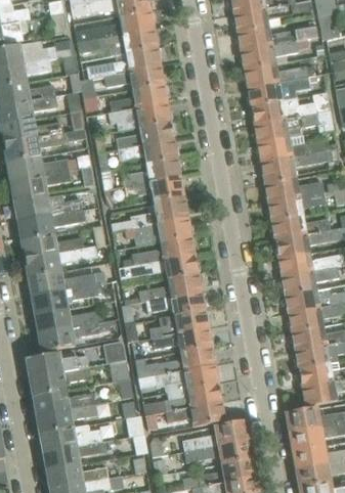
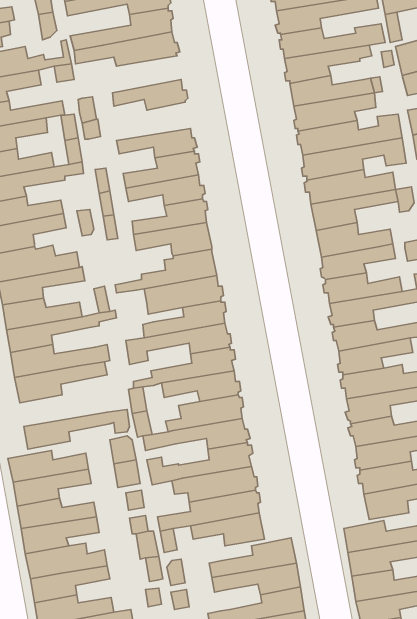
building: [93,48,162,79] -> none
building: [109,84,168,114] -> none
building: [36,310,103,334] -> none

